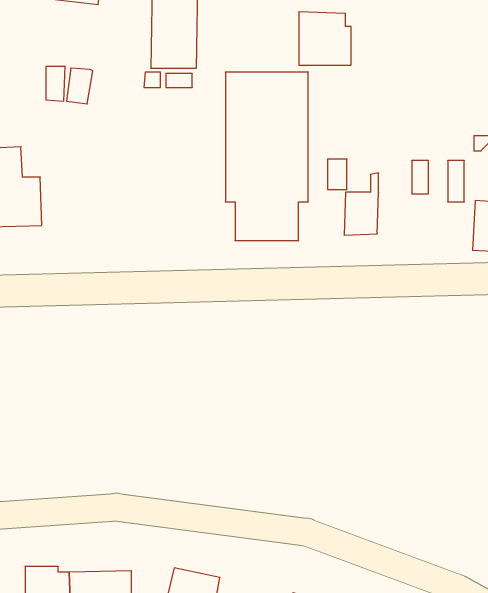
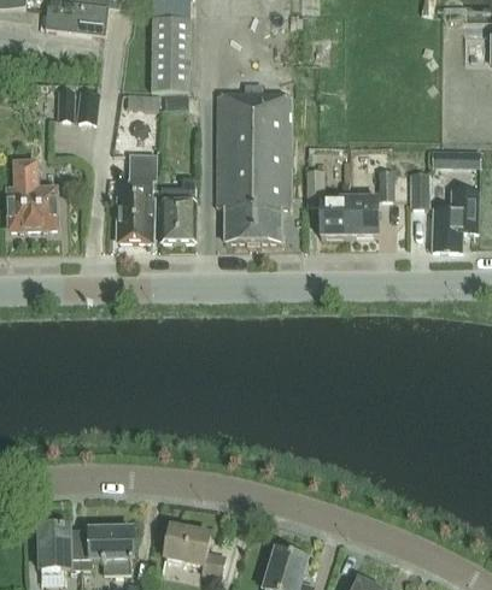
building: [299,12,351,65] -> none
building: none -> [117,153,156,240]
building: none -> [160,173,197,240]
building: none -> [348,197,379,234]

